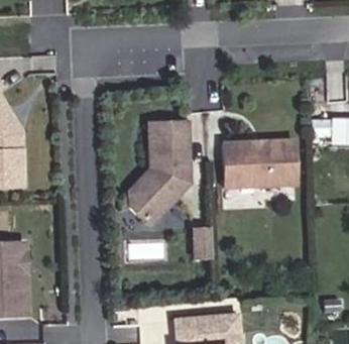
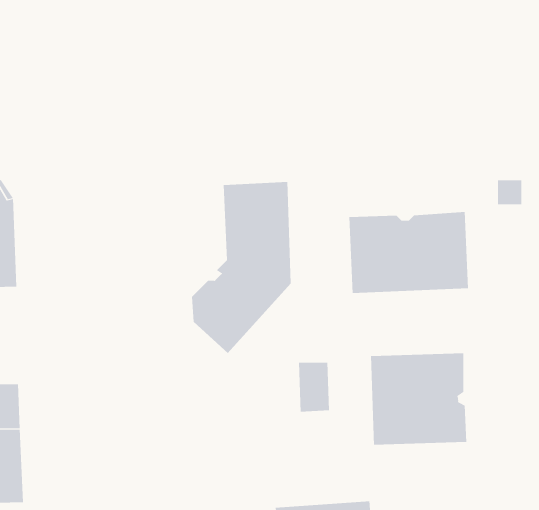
building: none -> [371,353,467,445]

